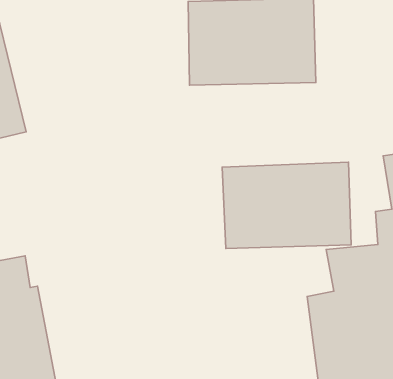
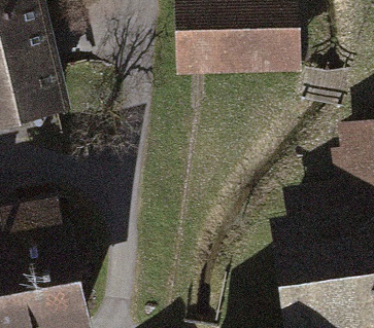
building: [222,162,351,249] -> none

